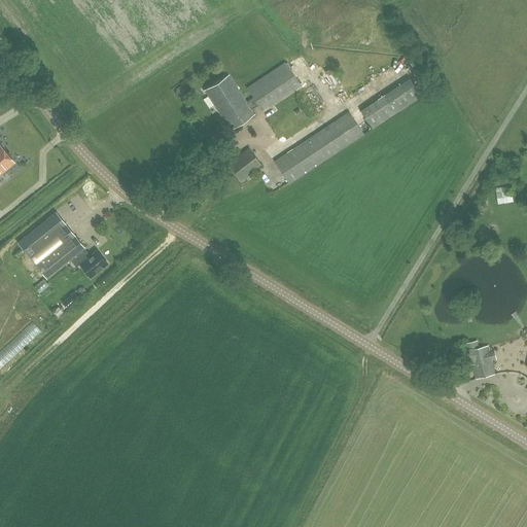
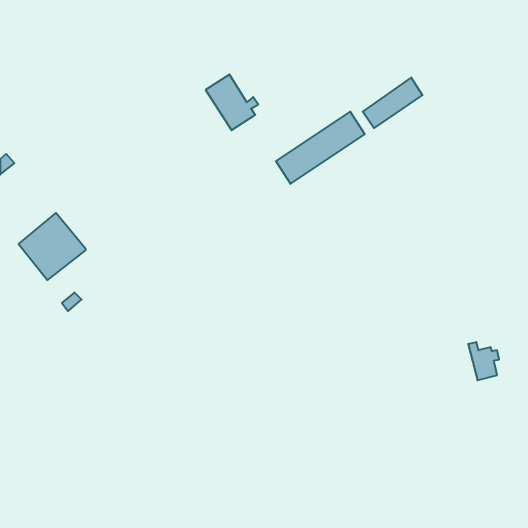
building: [246,63,301,111] -> none
building: [229,148,261,181] -> none
building: [71,249,108,277] -> none

